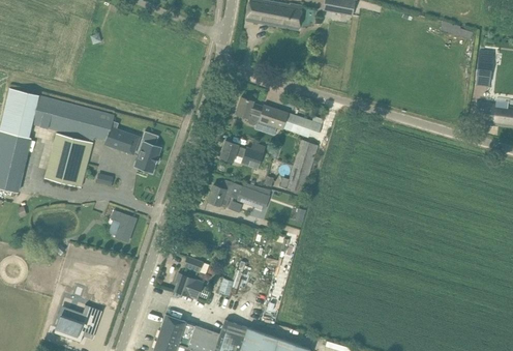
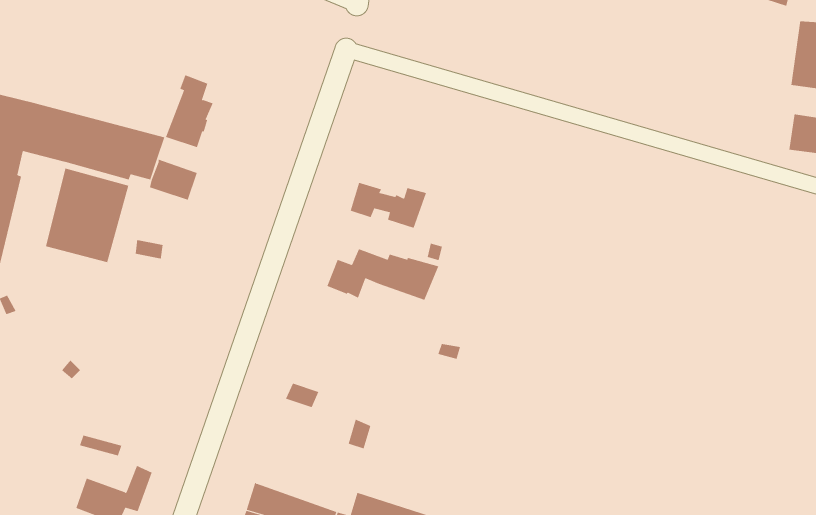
building: [235,97,323,137] -> none
building: [133,130,161,173] -> [165,74,214,148]
building: [281,141,318,195] -> none
building: [111,210,137,242] -> none
building: [174,273,203,299] -> none

